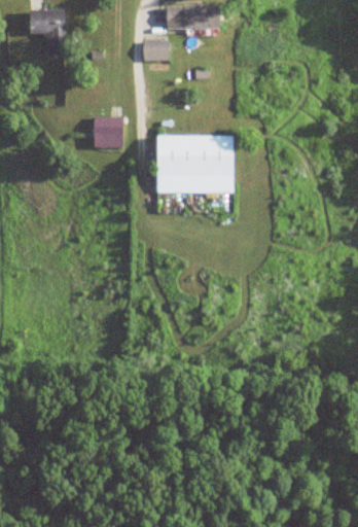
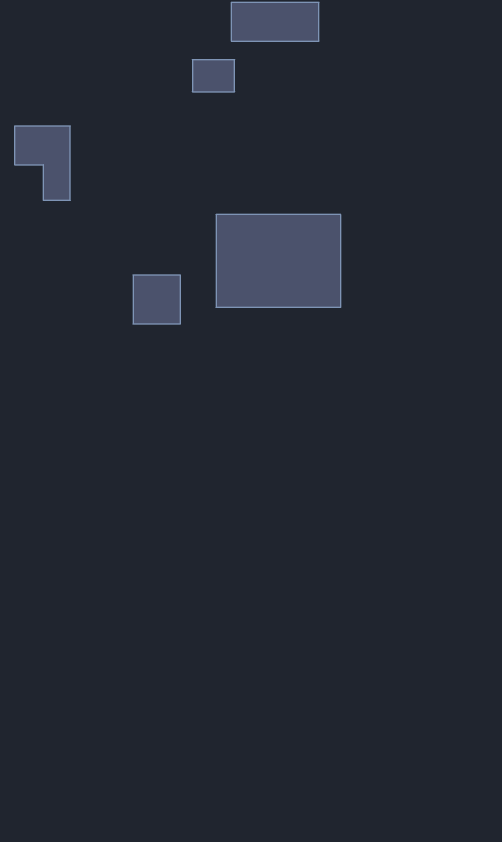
building: [30,10,64,56] -> [15,126,70,200]
building: [94,117,122,147] -> [133,275,180,324]

